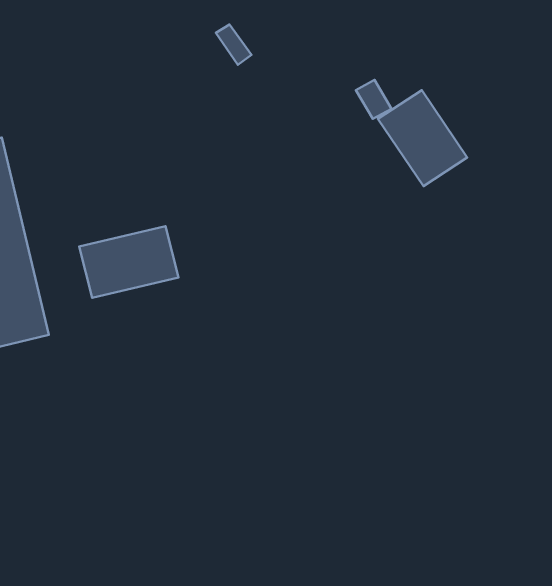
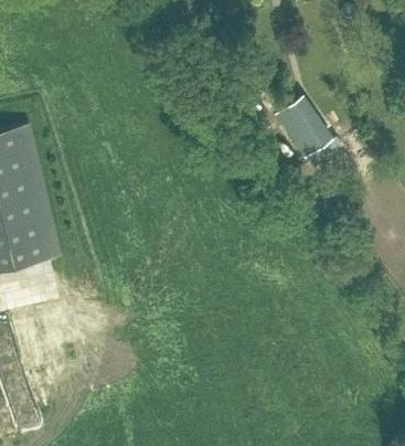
building: [79,226,179,298] -> none

